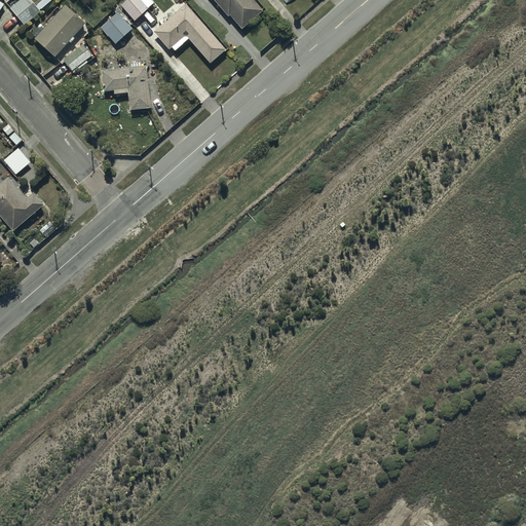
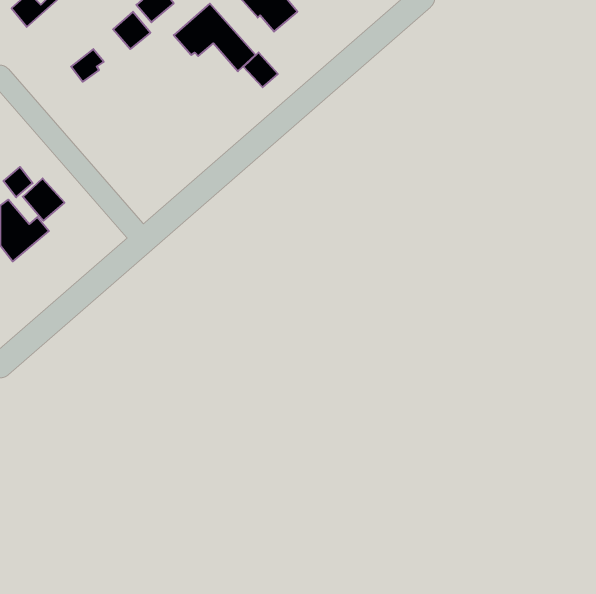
building: [34,4,83,55] -> none
building: none -> [244,52,278,87]
building: [100,61,150,109] -> none
building: none -> [23,178,64,221]

